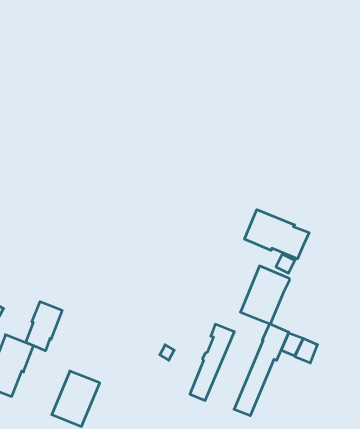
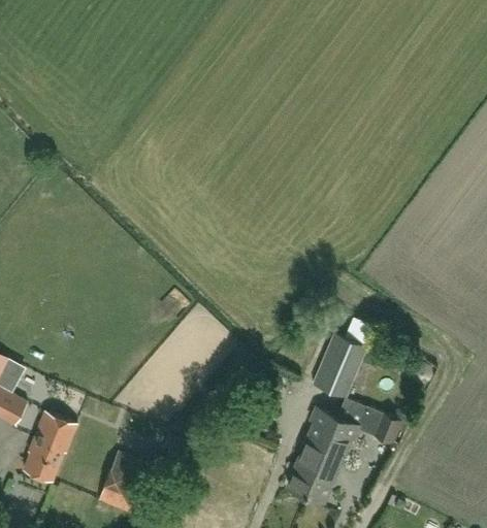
building: [245,210,309,259] -> none
building: [26,302,62,351] -> none
building: [190,324,234,400] -> [287,408,337,495]

